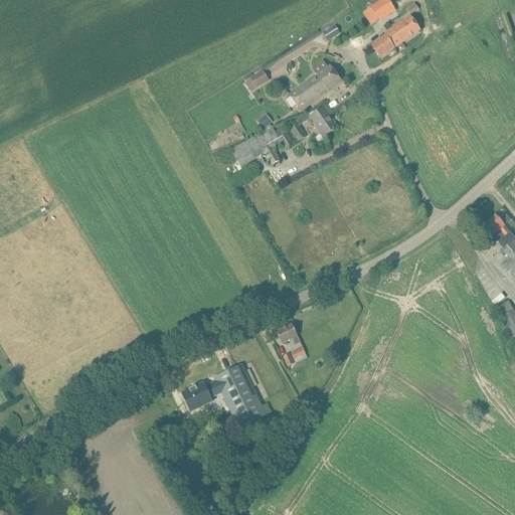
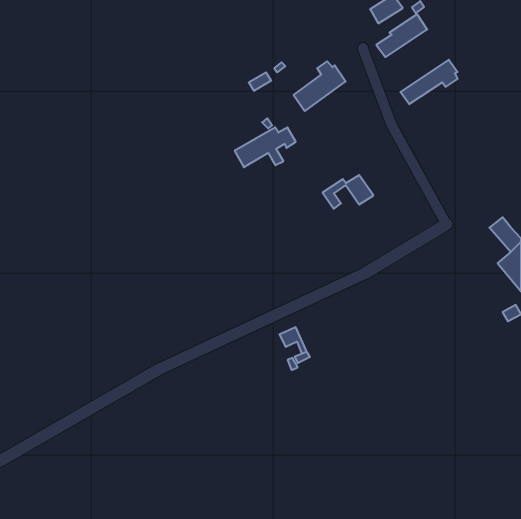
building: none -> [400,60,458,104]
building: [288,107,338,140] -> [323,175,373,209]
building: [181,363,267,427] -> none

